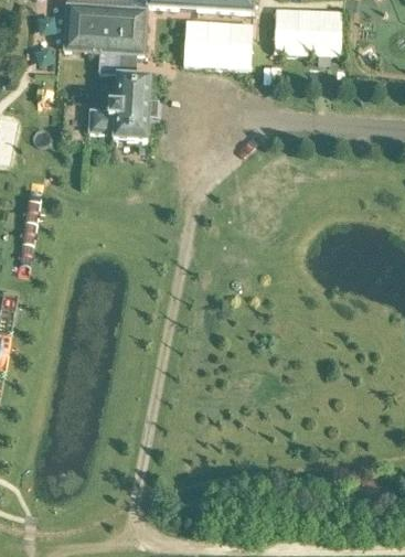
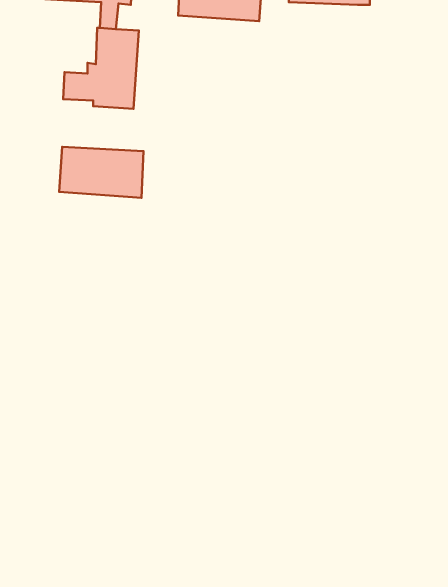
building: none -> [59,147,144,198]

